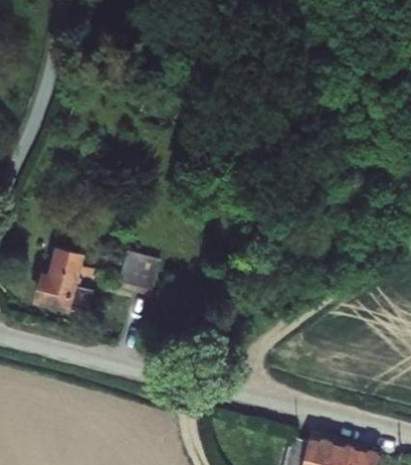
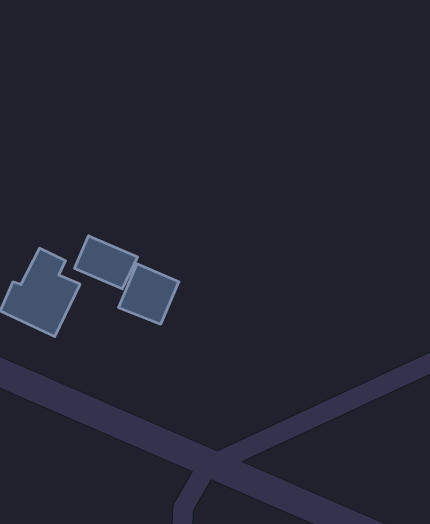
building: none -> [75,236,138,289]

